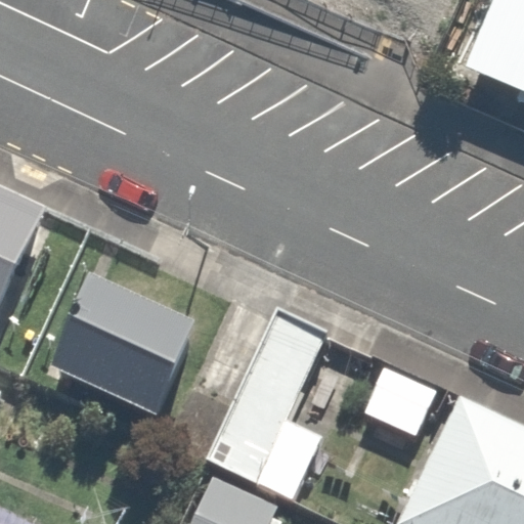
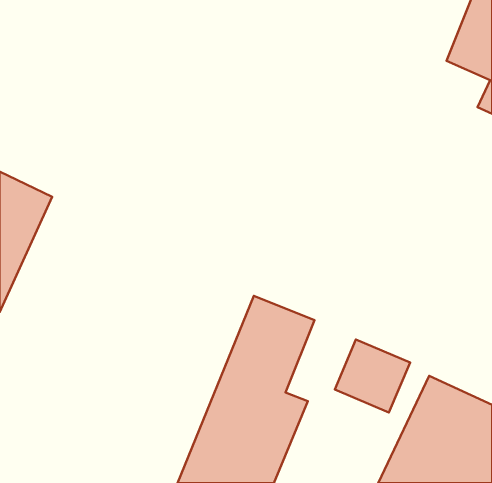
building: [46,286,194,422] -> none

